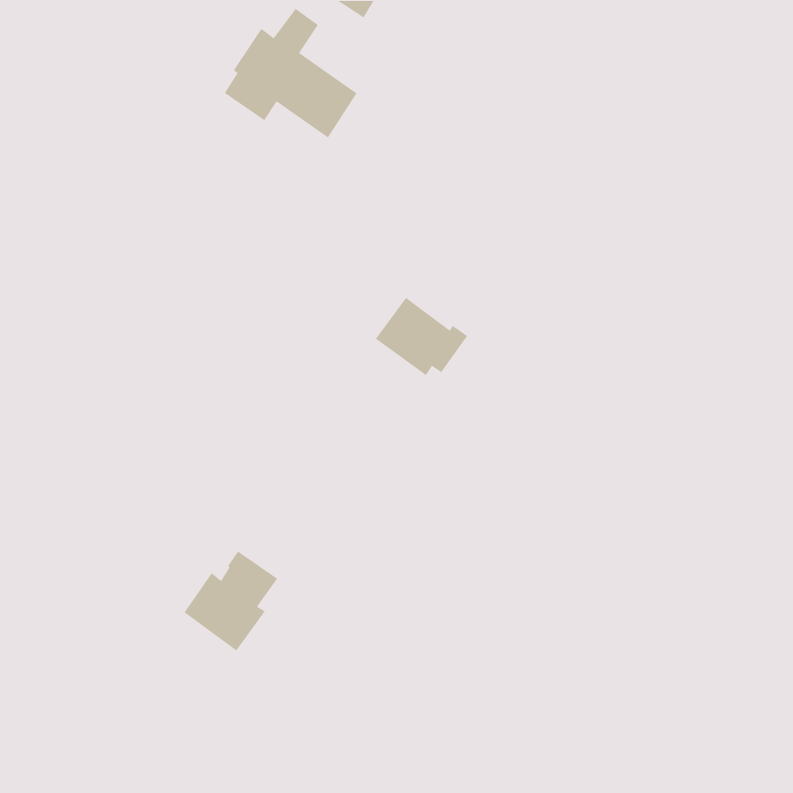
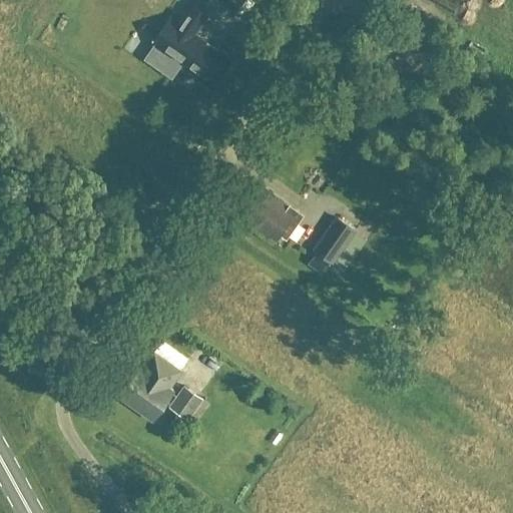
building: none -> [314,219,355,266]
building: none -> [168,389,202,424]

